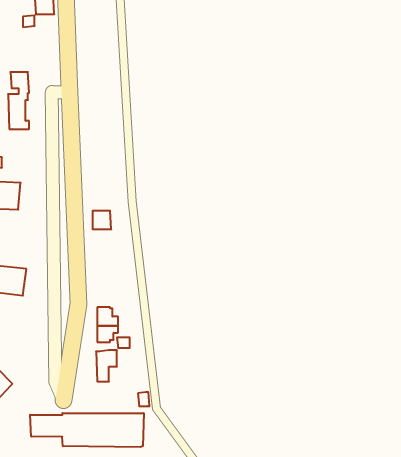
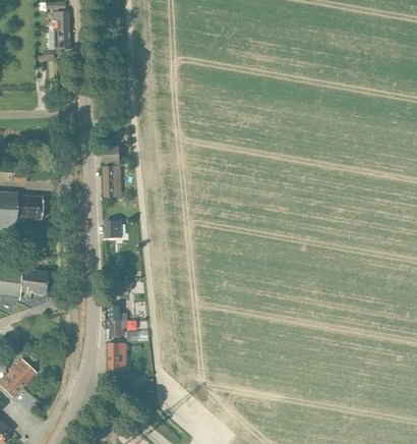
building: [8,72,29,129] -> [103,147,121,197]
building: [30,413,144,447] -> none

